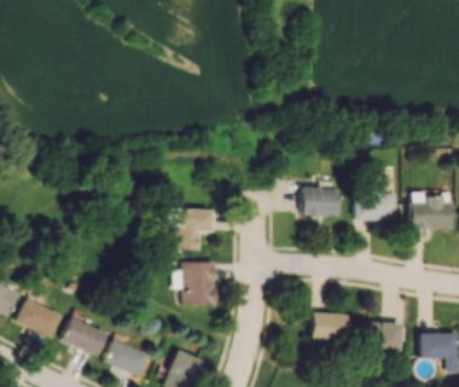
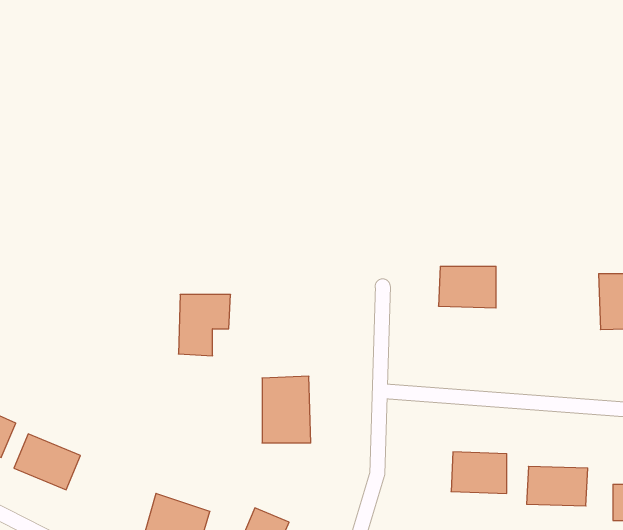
building: [355,188,397,222] -> none
building: [178,210,213,251] -> [178,295,231,356]
building: [63,318,108,357] -> none

